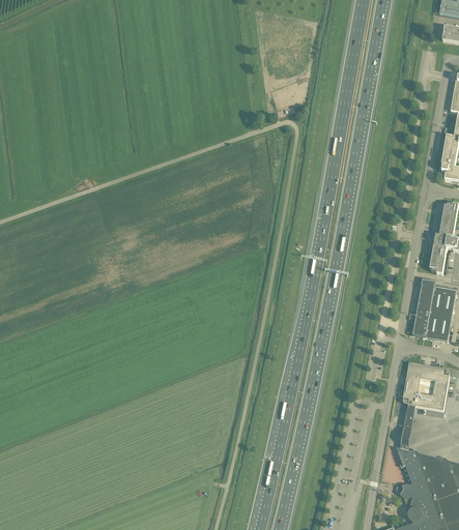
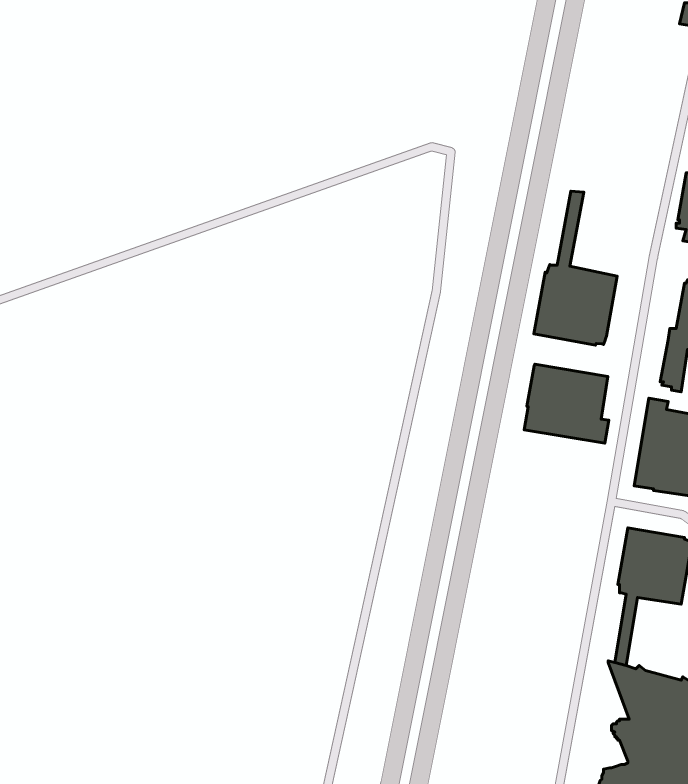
building: none -> [534,191,617,345]
building: none -> [524,364,609,443]

